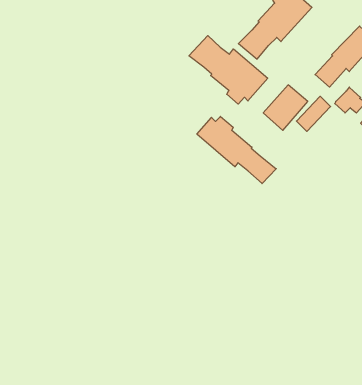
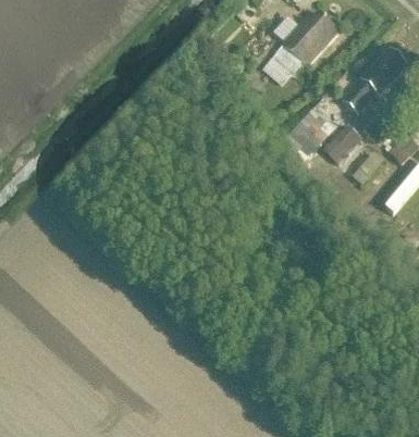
building: [189,36,268,104] -> none
building: [197,116,276,184] -> none

